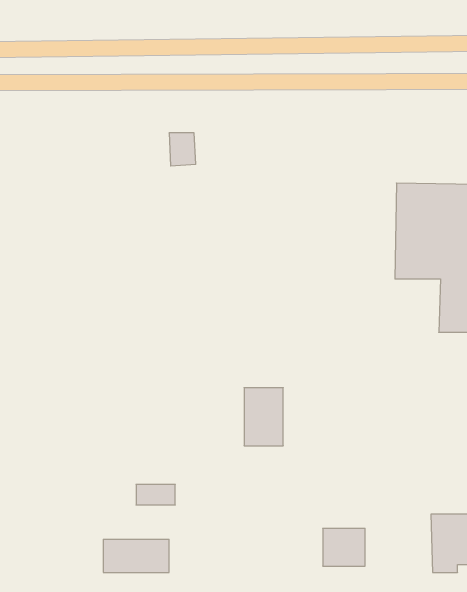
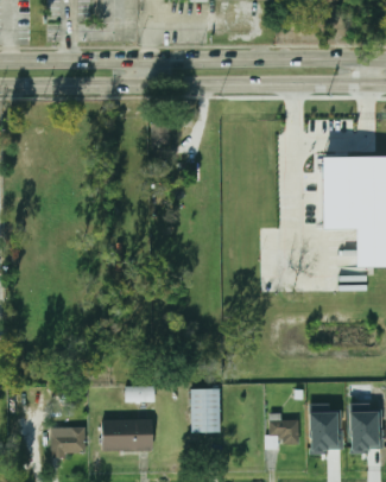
building: [244,388,283,446] -> [191,387,221,431]
building: none -> [309,402,342,452]
building: none -> [51,426,87,454]

